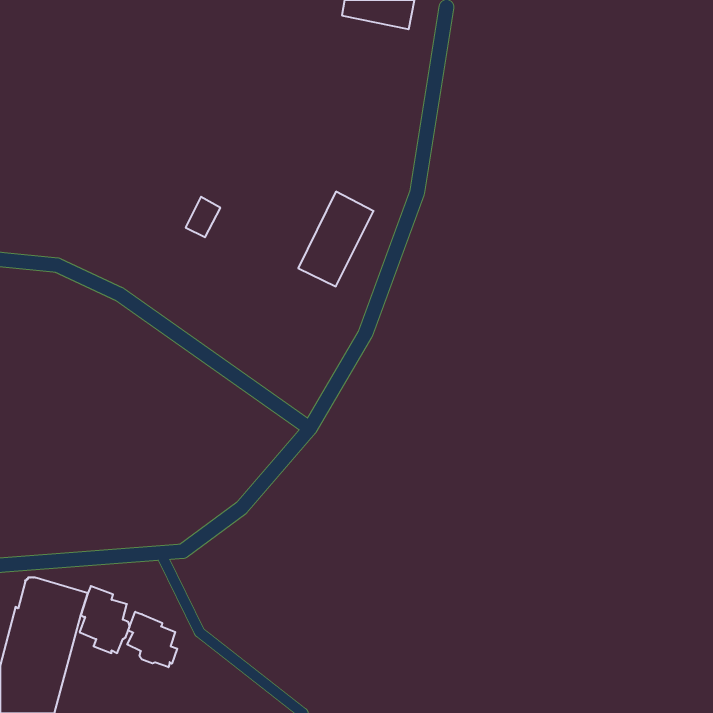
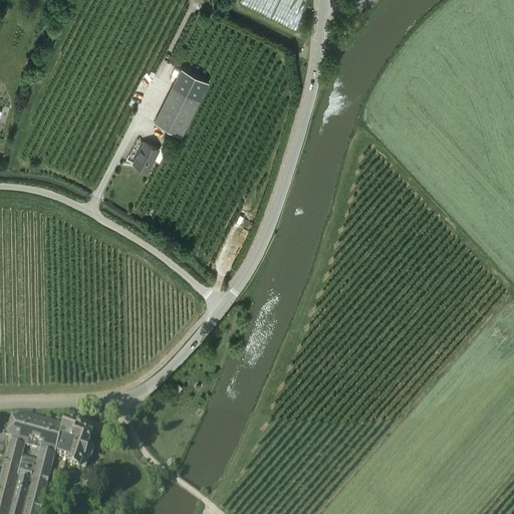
building: [298,192,374,286] -> [155,67,209,136]
building: [127,612,177,667] -> none

